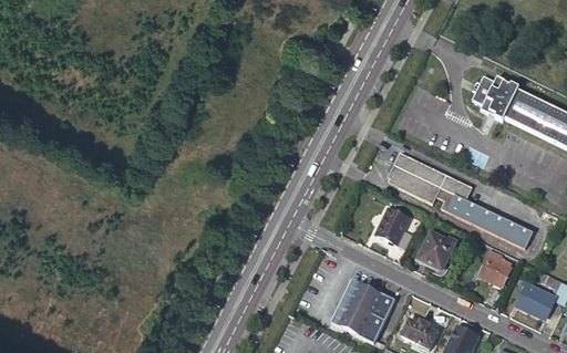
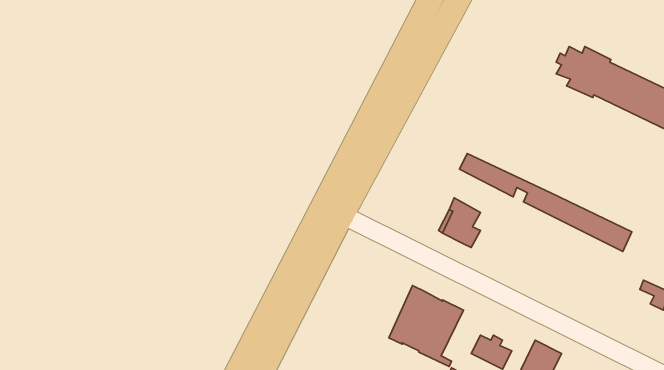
building: [395,150,475,200] -> none
building: [415,228,454,267] -> none
building: [475,249,509,287] -> none
building: [517,284,551,315] -> none

